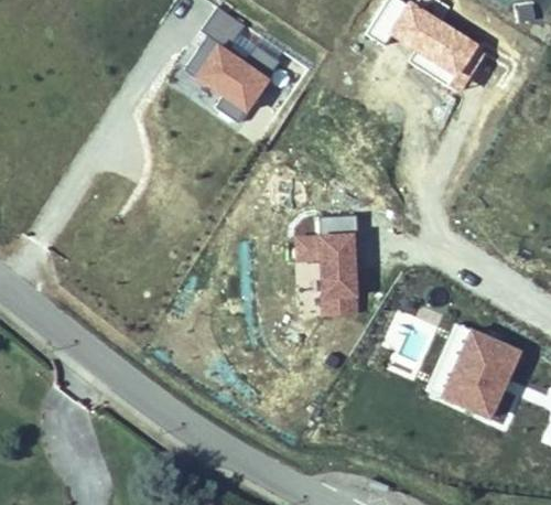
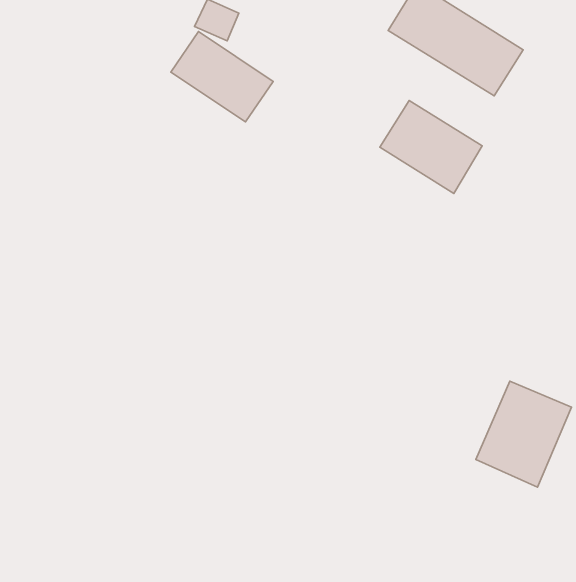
building: none -> [380,100,482,193]
building: [296,215,358,315] -> none

